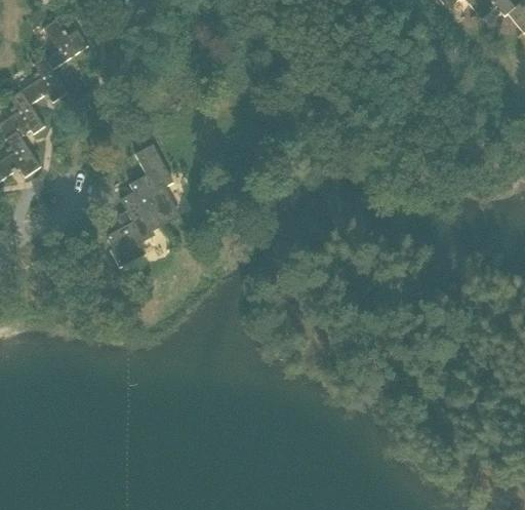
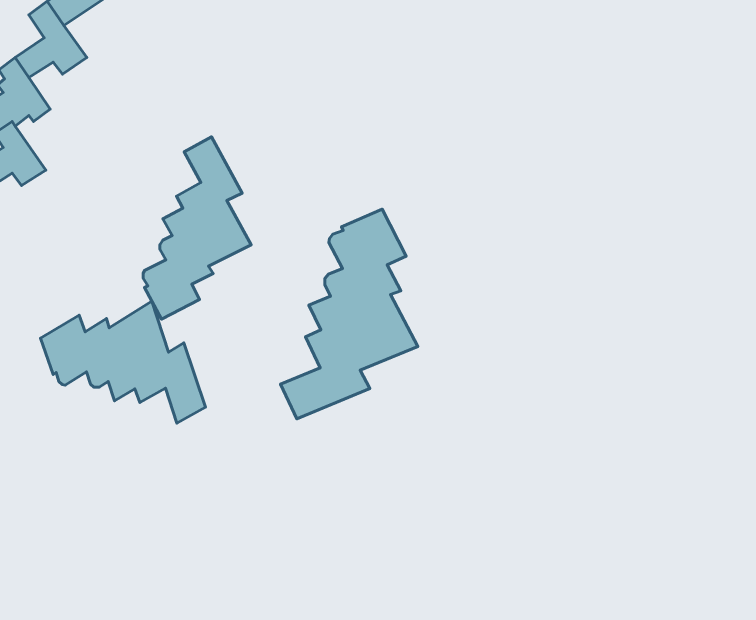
building: none -> [280,209,418,419]
building: none -> [40,301,205,423]

